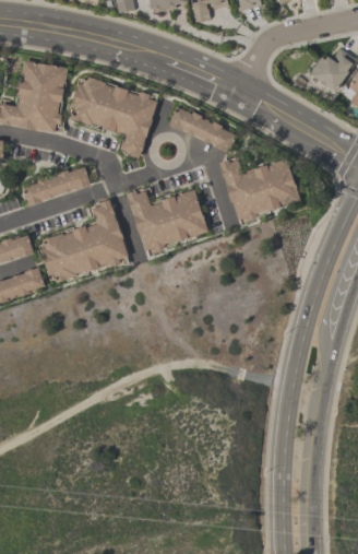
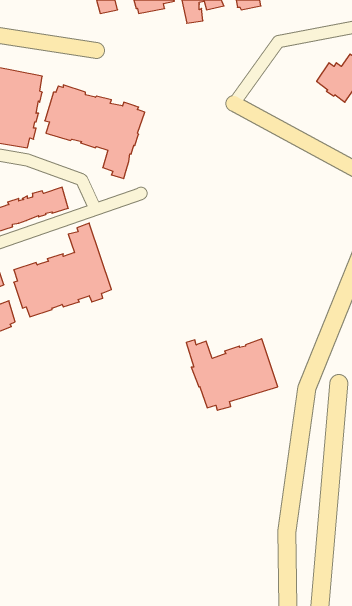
building: [168,108,235,153] -> none
building: [218,160,298,222] -> none
building: [127,190,207,254] -> [186,339,278,410]

